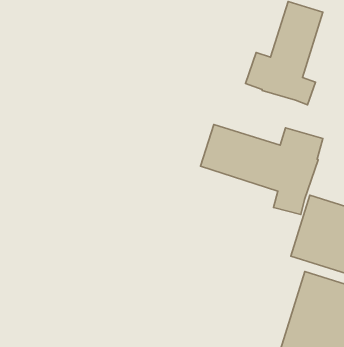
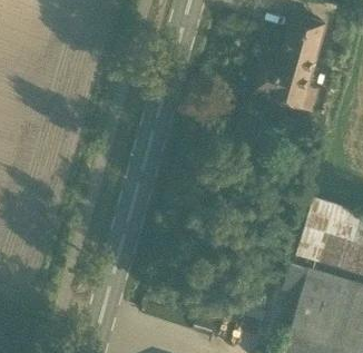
building: [200,125,323,215] -> none

